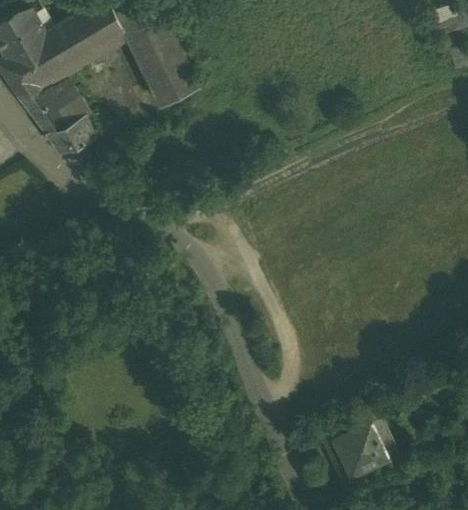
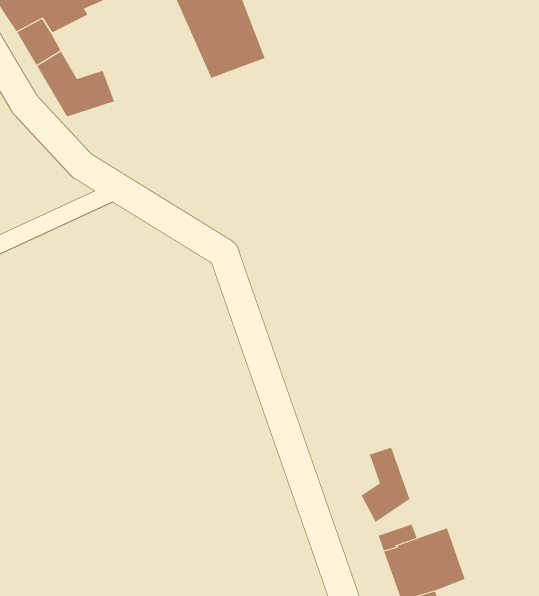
building: [46,78,93,125] -> none
building: none -> [361,447,410,523]

